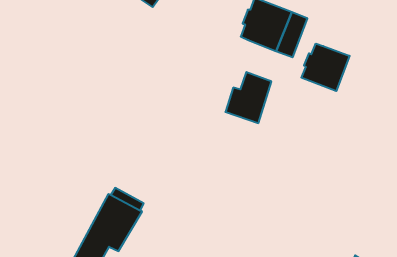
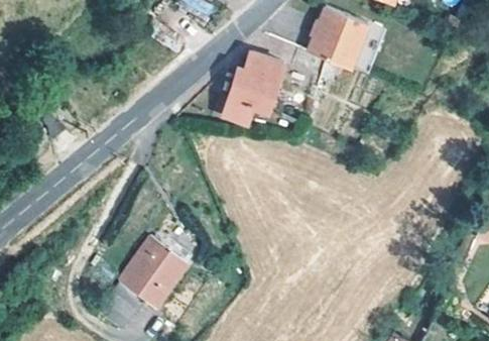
building: [301,44,350,91] -> none
building: [225,72,271,123] -> [226,53,279,113]

